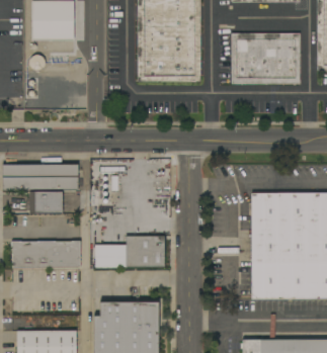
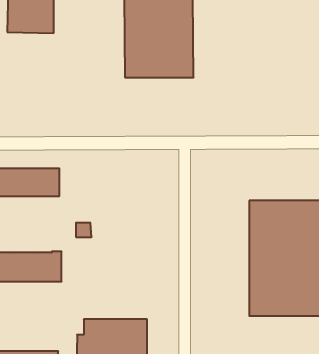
building: [231,32,300,84] -> none
building: [29,191,62,213] -> none
building: [94,236,166,267] -> none

